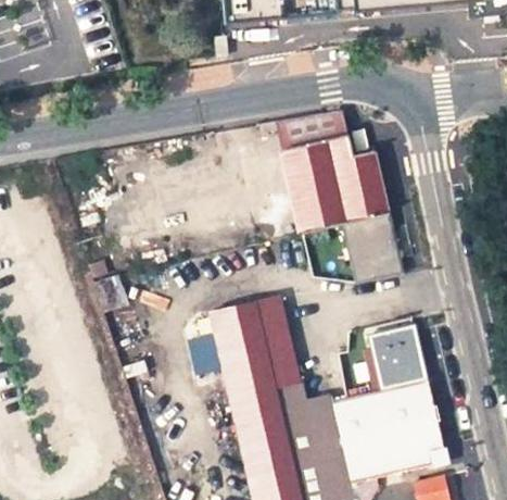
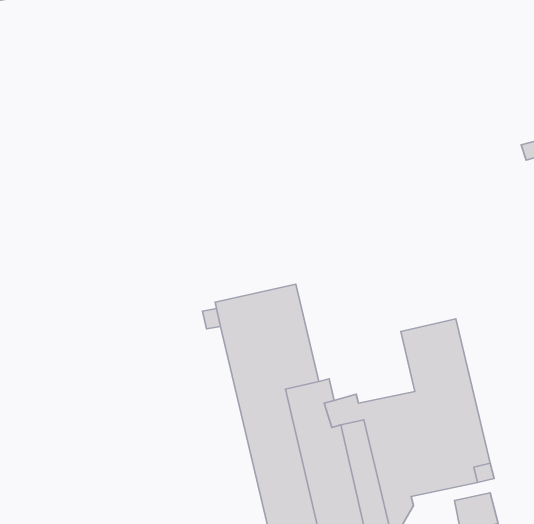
building: [275,107,401,278] -> none

